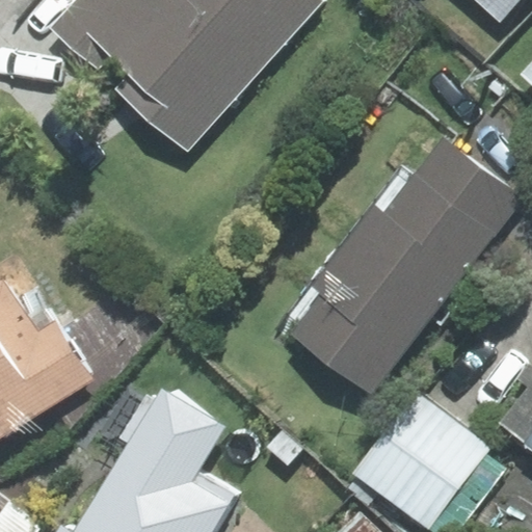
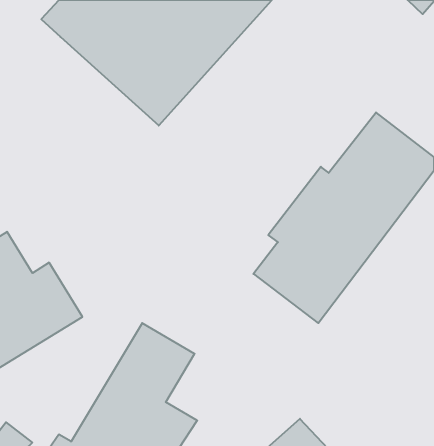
building: [353,391,487,526] -> none

